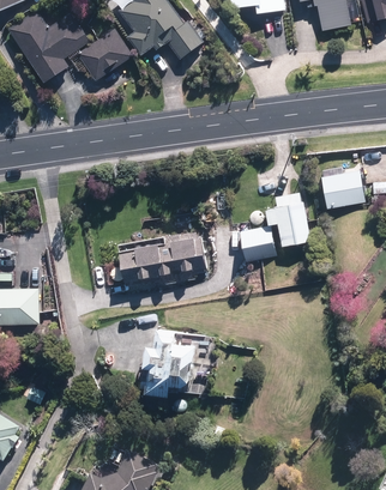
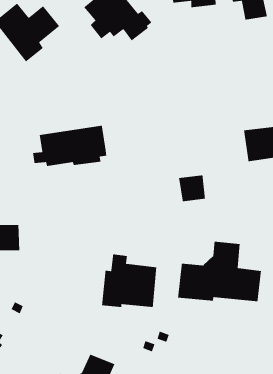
building: [78,28,135,81] -> none
building: [266,192,309,244] -> none
building: [109,230,204,283] -> [32,125,107,167]
building: none -> [177,241,262,302]

